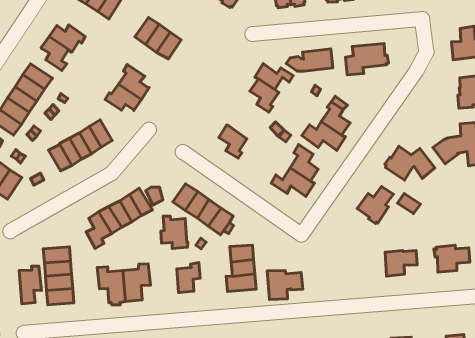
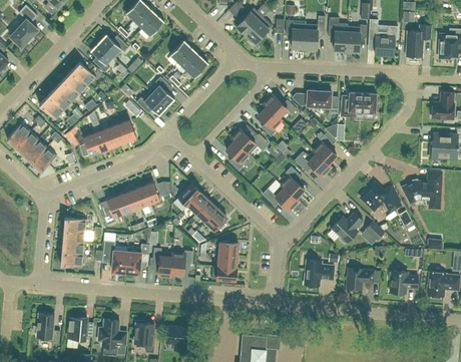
building: none -> [231,128,268,154]
building: [161,216,188,249] -> [149,248,172,277]
building: [19,266,41,304] -> none
building: [267,270,303,300] -> [304,260,334,286]

